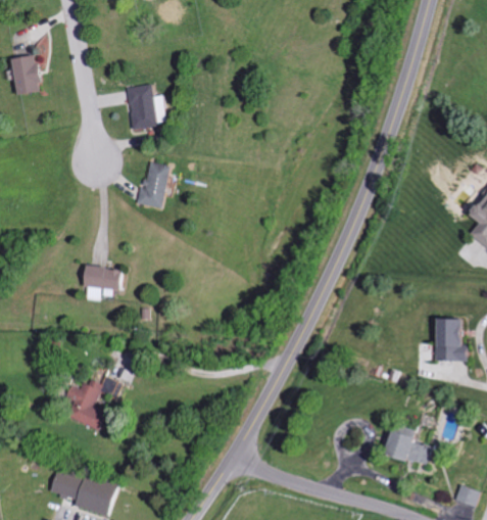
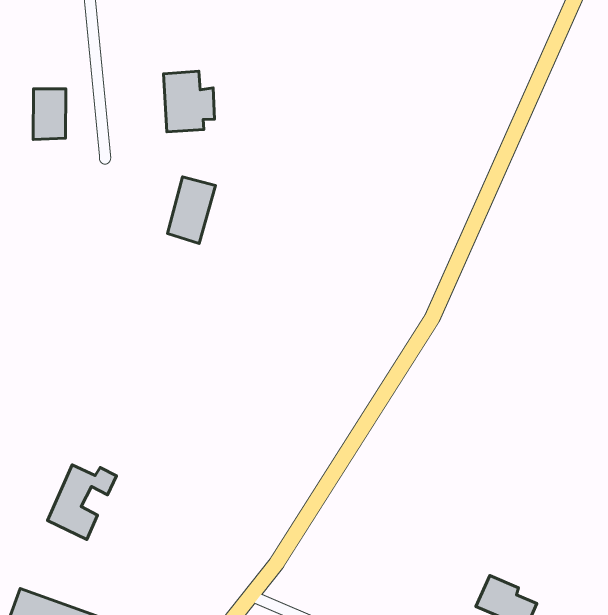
building: [11,55,38,94] -> [33,89,66,140]
building: [83,265,124,300] -> none
building: [432,318,465,361] -> none

